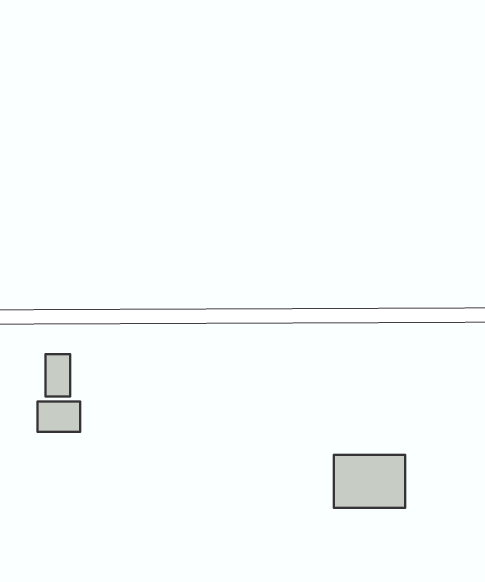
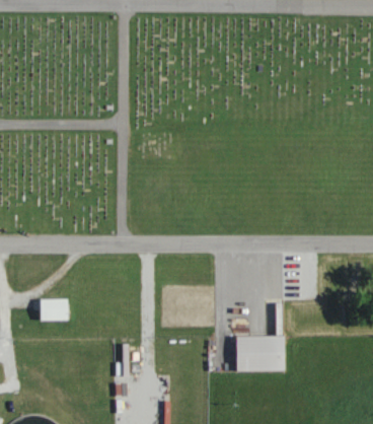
building: [46,354,70,396] -> none

